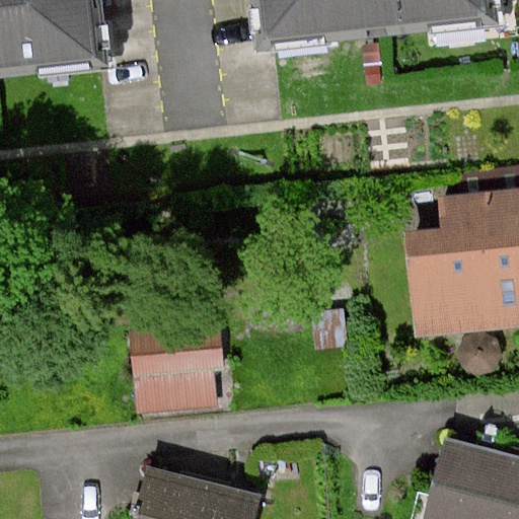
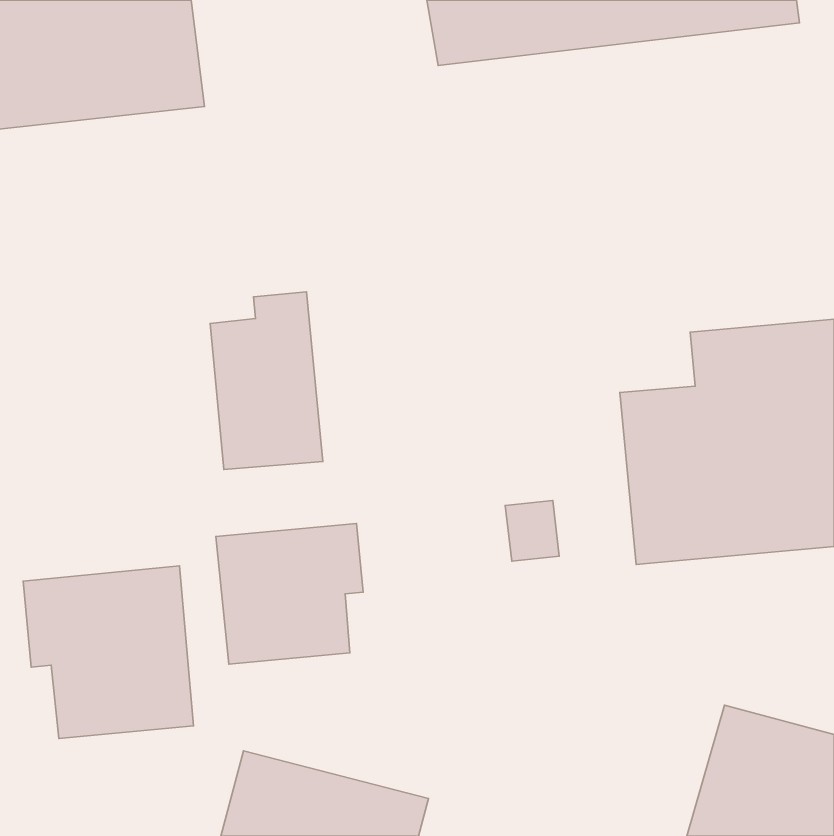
building: none -> [210,292,323,470]
building: none -> [23,566,194,739]

